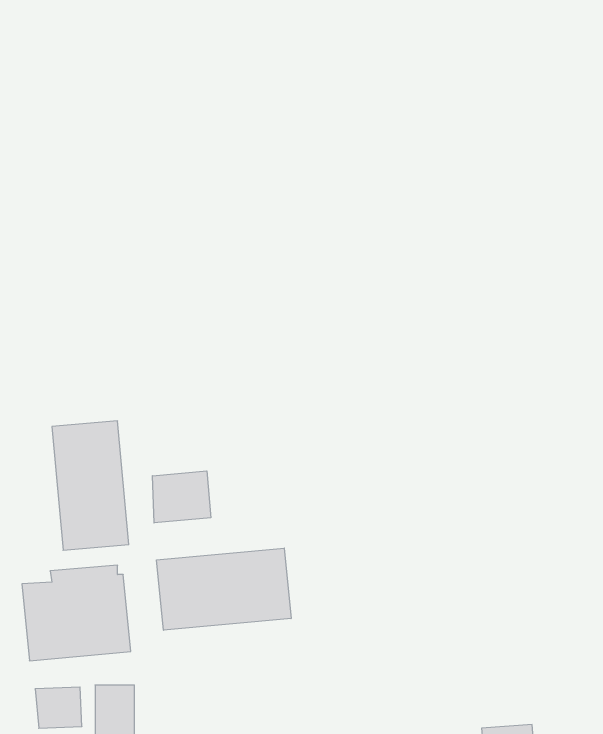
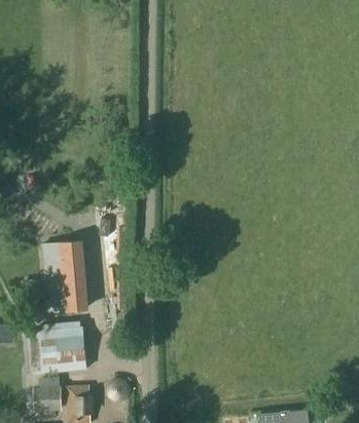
building: [152,471,211,523] -> none
building: [157,548,291,630] -> none

